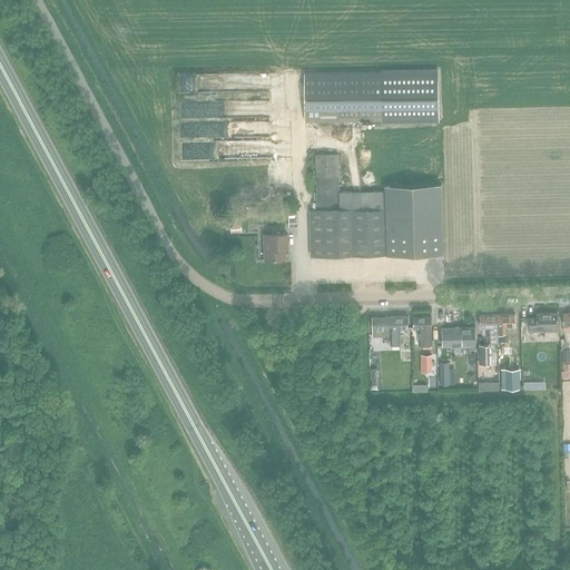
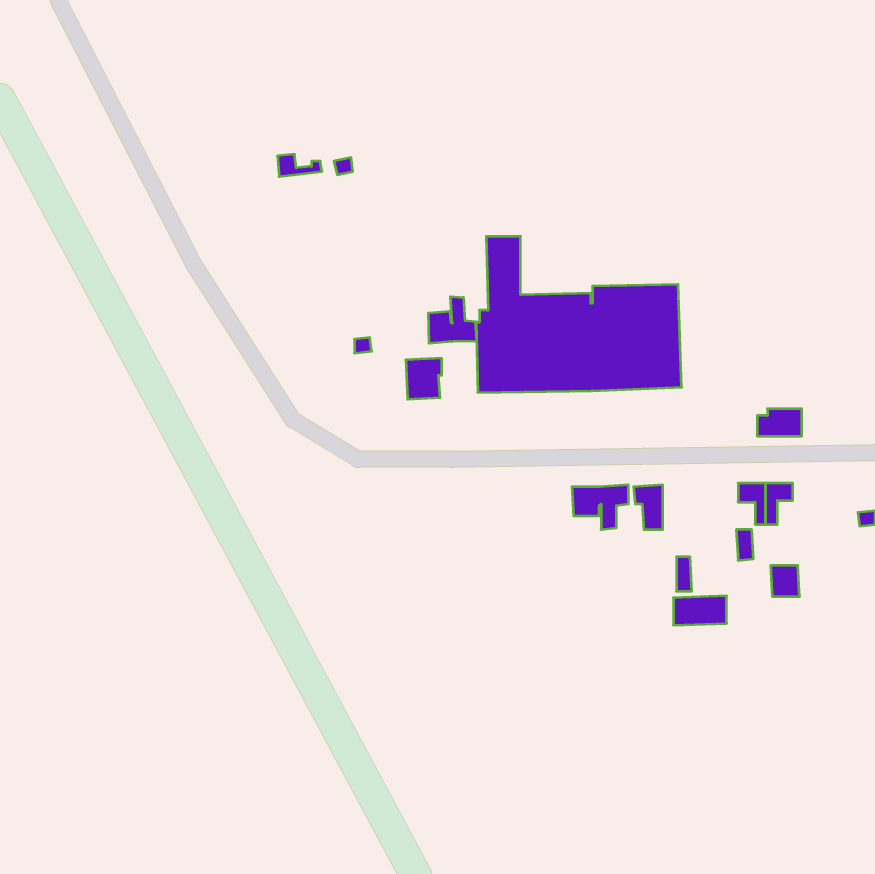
building: [304,72,439,121] -> none
building: none -> [428,297,476,343]
building: [529,314,558,332] -> [757,409,802,436]
building: [441,327,475,346] -> [673,596,727,625]

